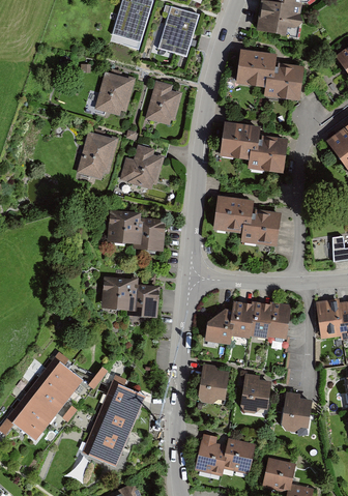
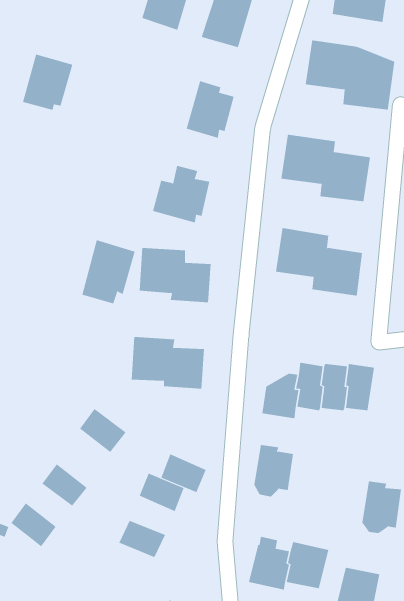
building: [96,71,136,115] -> [22,54,73,110]
building: [78,132,119,181] -> [81,240,135,304]
building: [47,359,83,393] -> [79,408,127,453]
building: [240,371,271,410] -> none
building: [23,390,59,424] -> none
building: [103,400,138,430] -> [160,454,206,493]
building: [87,436,122,465] -> none

